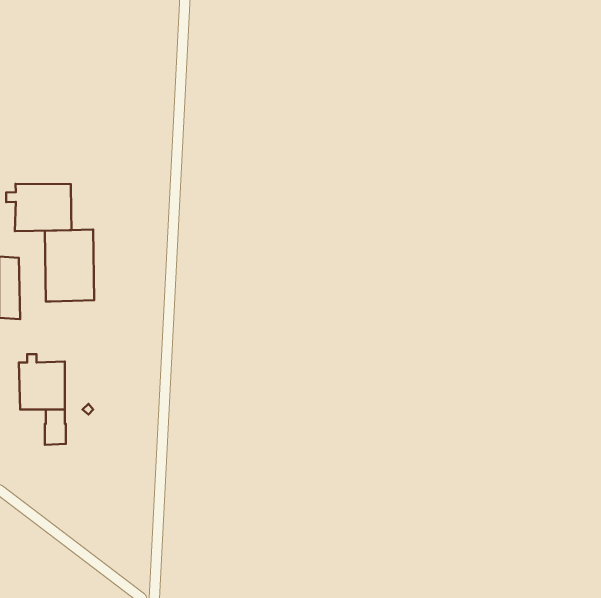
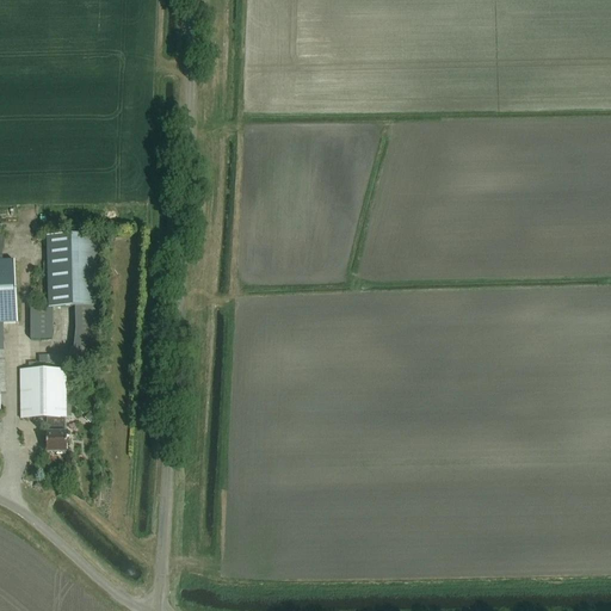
building: [6,184,72,231] -> none
building: none -> [29,306,53,338]

